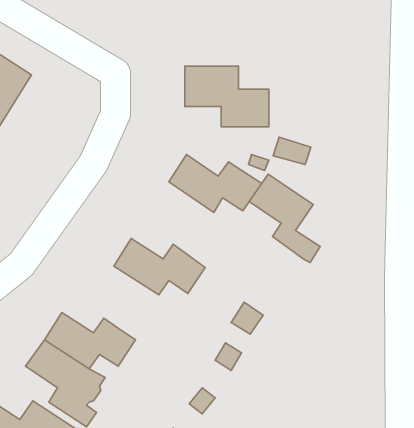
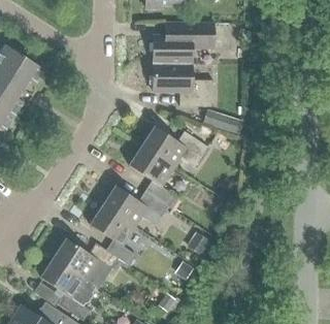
building: none -> [153,23,212,63]
building: [249,174,320,262] -> [128,145,178,208]
building: none -> [89,205,135,265]

